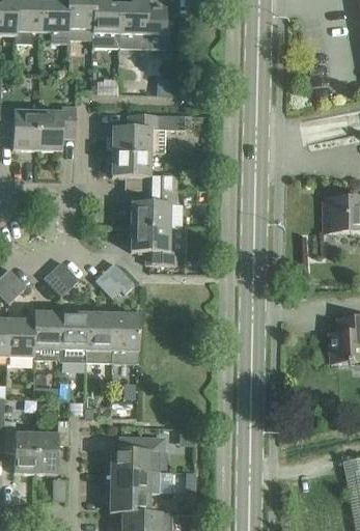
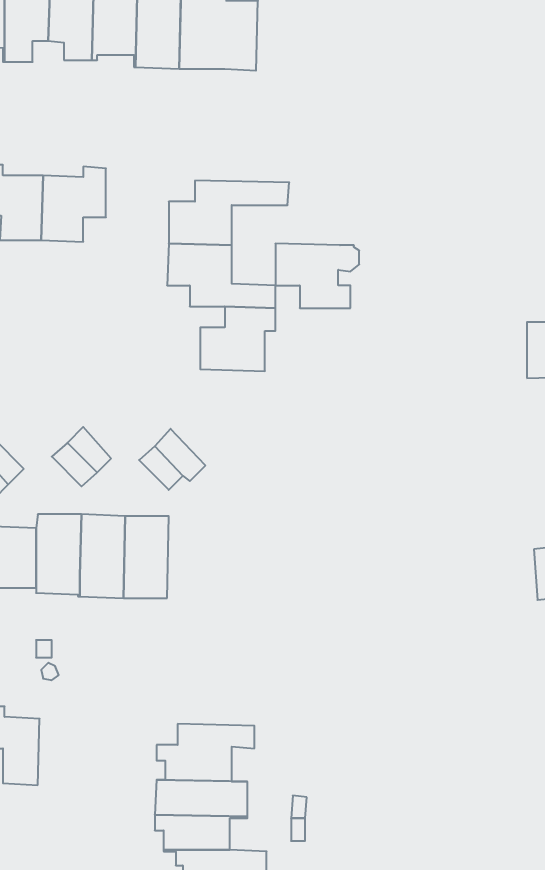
building: [131,226,181,264] -> [275,244,359,308]
building: [111,313,139,363] -> none
building: [34,419,68,473] -> none

